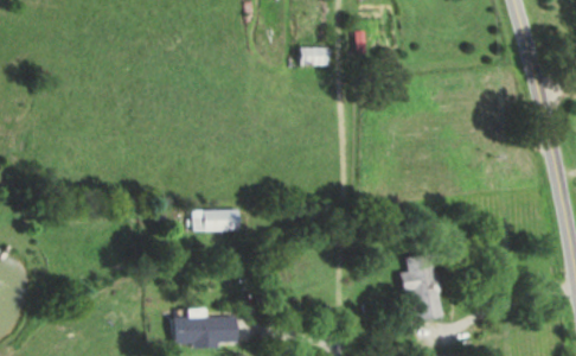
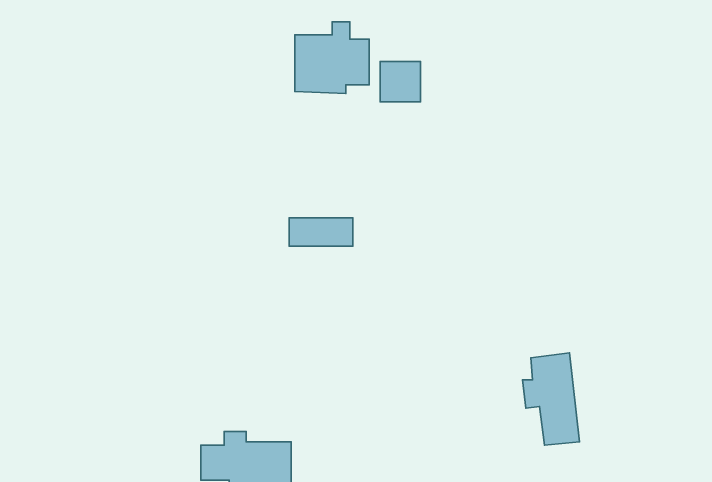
building: none -> [295,22,369,94]
building: [192,209,237,229] -> [289,218,353,246]

